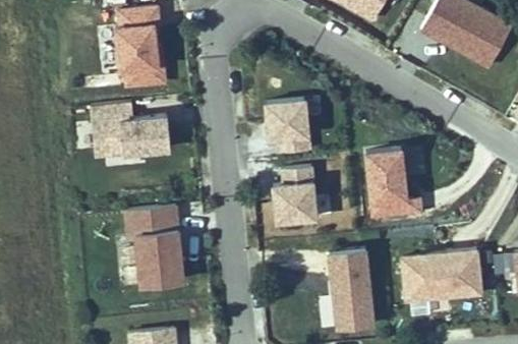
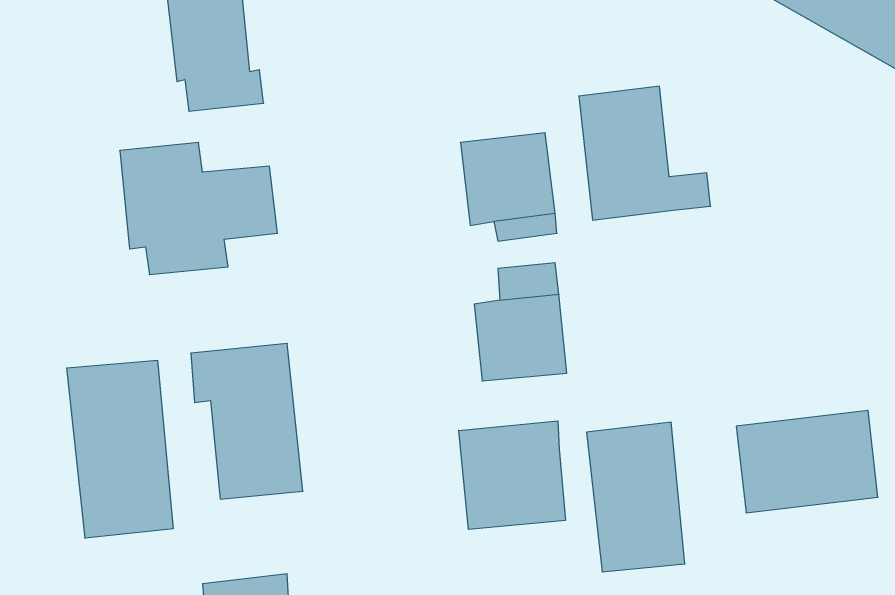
building: [364,149,433,218] -> [579,86,711,220]
building: none -> [67,360,173,538]
building: none -> [459,421,565,529]

